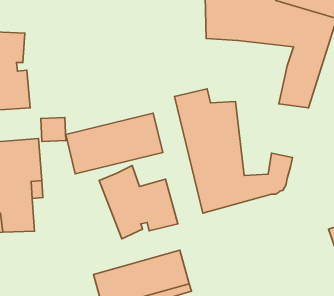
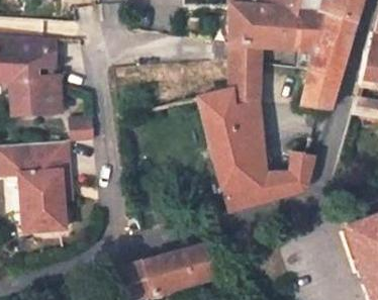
building: none -> [229,43,260,105]
building: [66,113,163,174] -> none
building: [99,165,178,239] -> none

